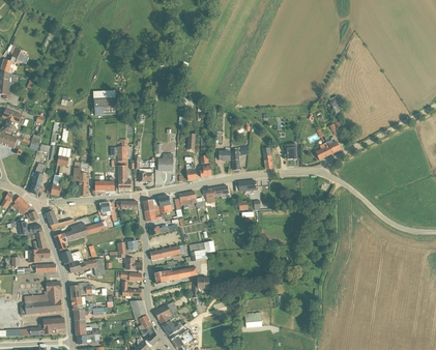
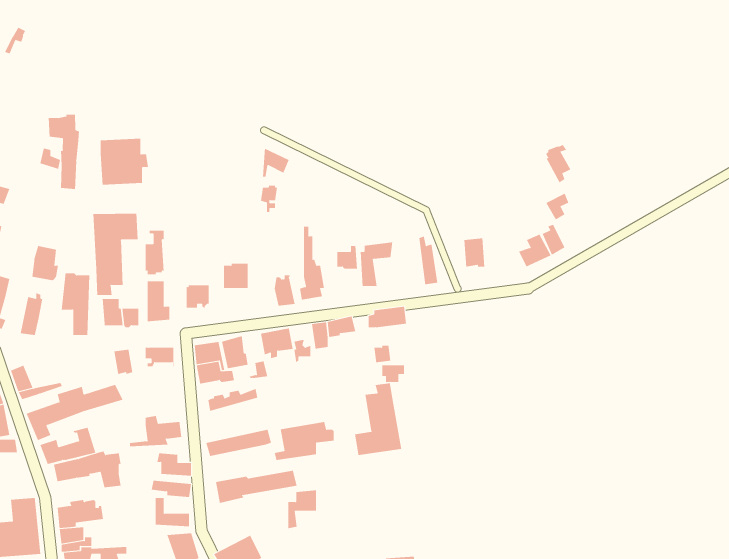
building: none -> [48,114,79,190]
building: none -> [93,213,138,296]
building: none -> [354,382,402,456]

